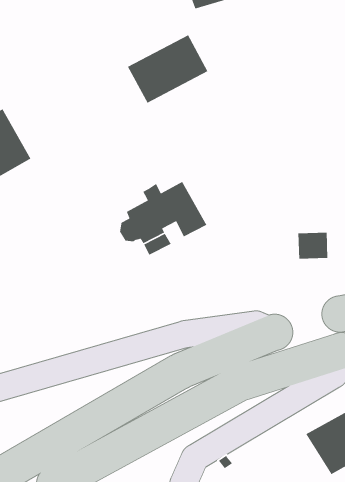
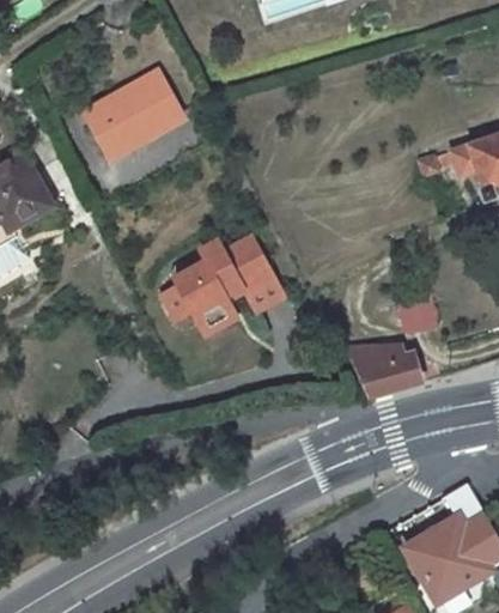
building: [127,34,209,104] -> [81,72,183,159]
building: none -> [343,346,415,397]

